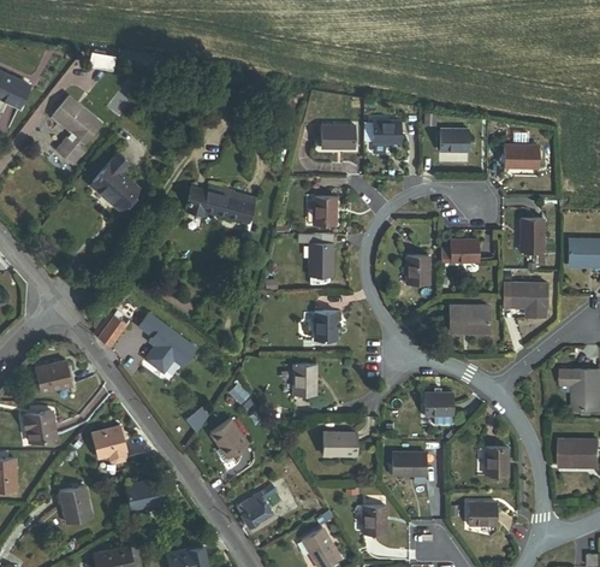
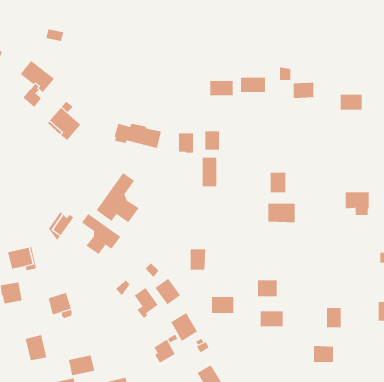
building: none -> [178,133,194,153]
building: [521,218,543,252] -> none
building: [450,238,479,261] -> none
building: none -> [96,172,140,223]
building: [450,305,489,332] -> [267,203,295,223]
building: [314,312,337,339] -> none
building: [424,391,453,415] -> [257,280,277,297]
building: none -> [155,278,181,305]
building: none -> [170,312,198,342]
building: [127,478,166,508] -> [68,355,95,376]
building: [363,506,386,533] -> none

